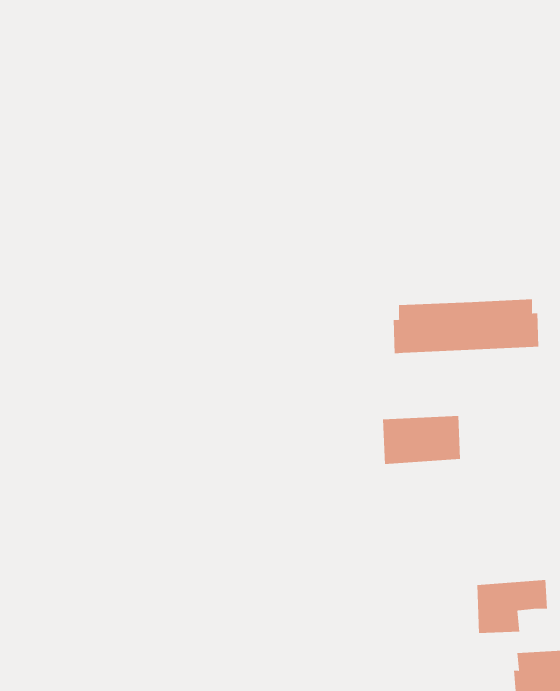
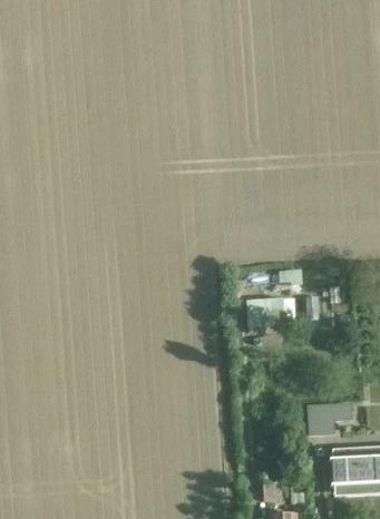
building: [393,299,539,354] -> none

